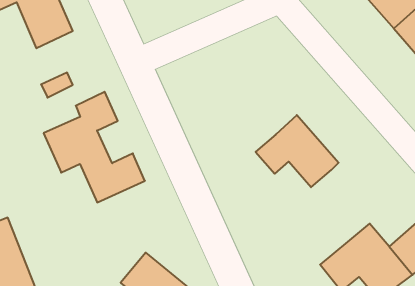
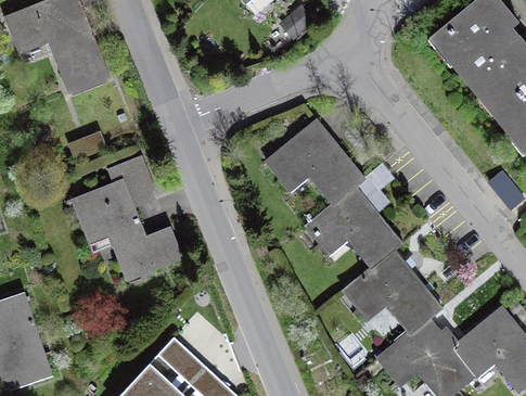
building: none -> [265,120,368,209]
building: none -> [342,253,439,335]

